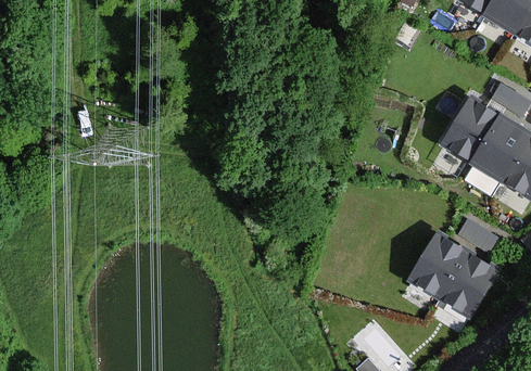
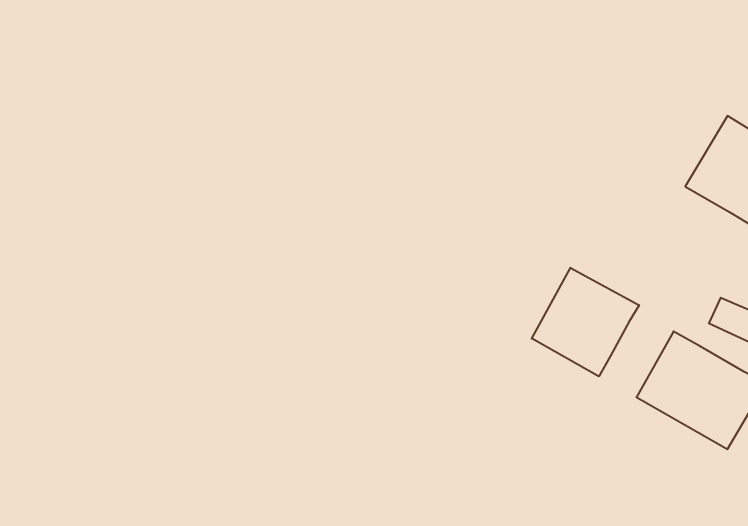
building: none -> [532,268,639,376]

